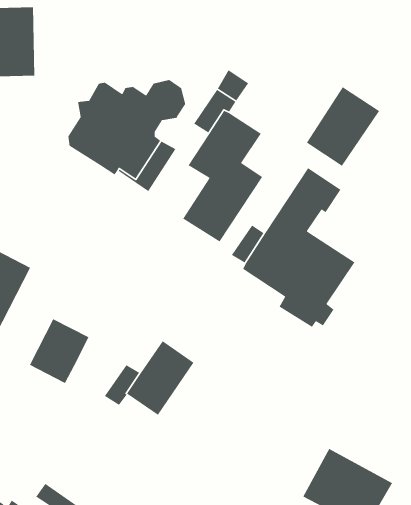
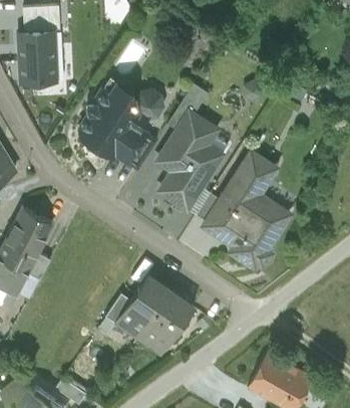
building: [306,86,380,167] -> none
building: [29,318,89,384] -> none
building: none -> [144,292,194,347]

